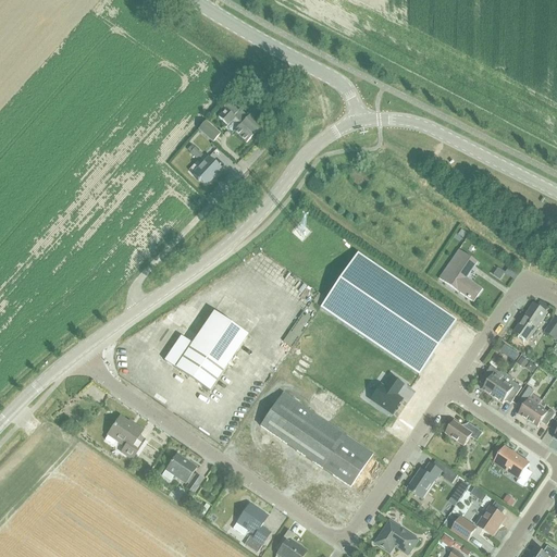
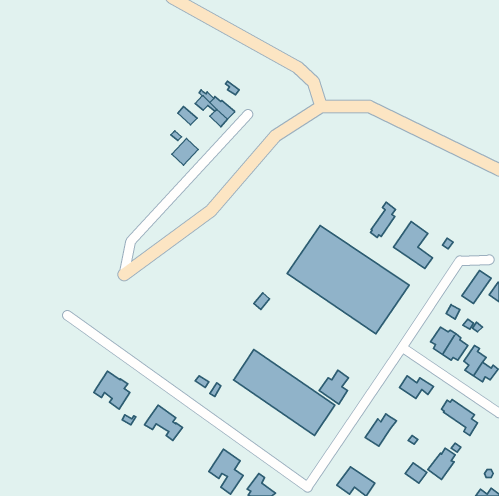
building: none -> [370,202,395,237]
building: [164,310,248,388] -> none
building: [370,374,403,412] -> [319,370,349,404]

